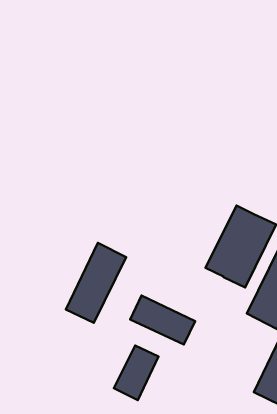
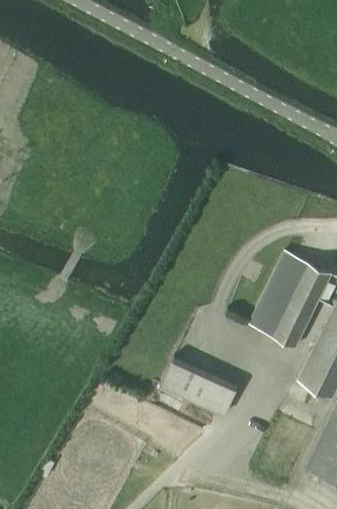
building: [66,243,126,323] -> none
building: [114,345,159,400] -> none

